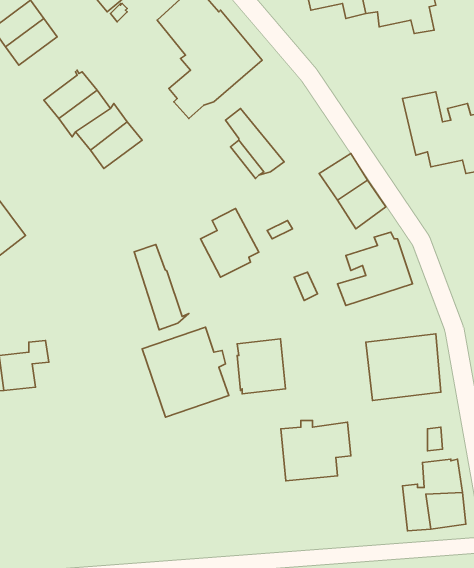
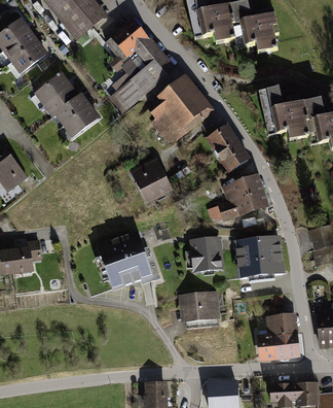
building: none -> [158,80,207,131]
building: [134,244,189,330] -> none
building: [237,339,286,394] -> [191,237,221,271]

